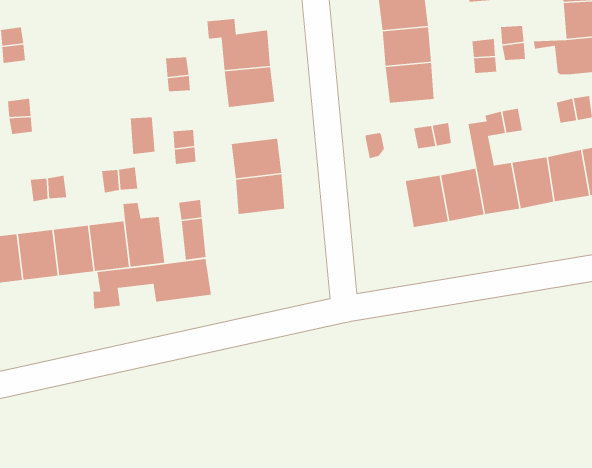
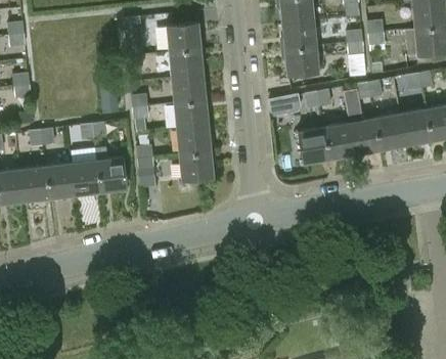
building: none -> [171,75,207,104]
building: none -> [178,151,215,181]
building: [93,258,212,310] -> none

